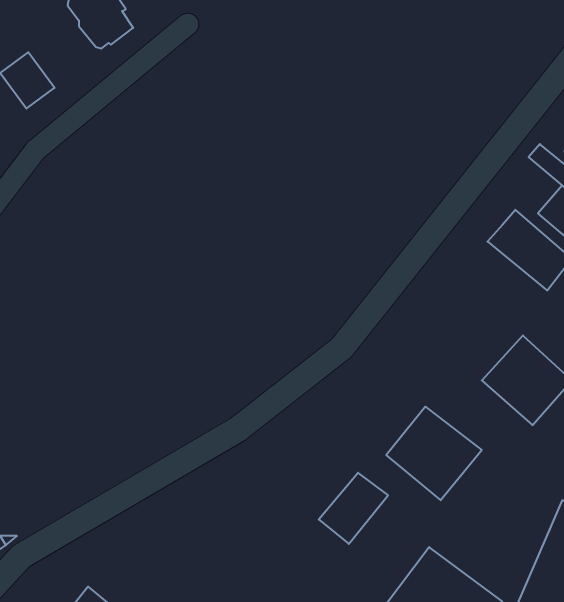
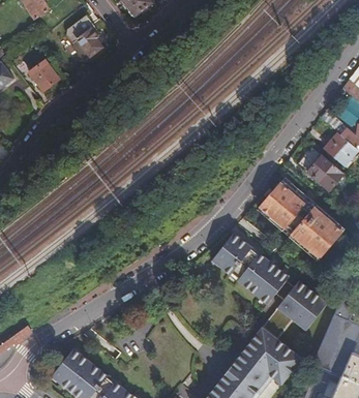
building: none -> [261,186,308,234]
building: none -> [278,278,329,328]
building: [319,473,388,544] -> [214,235,252,274]

